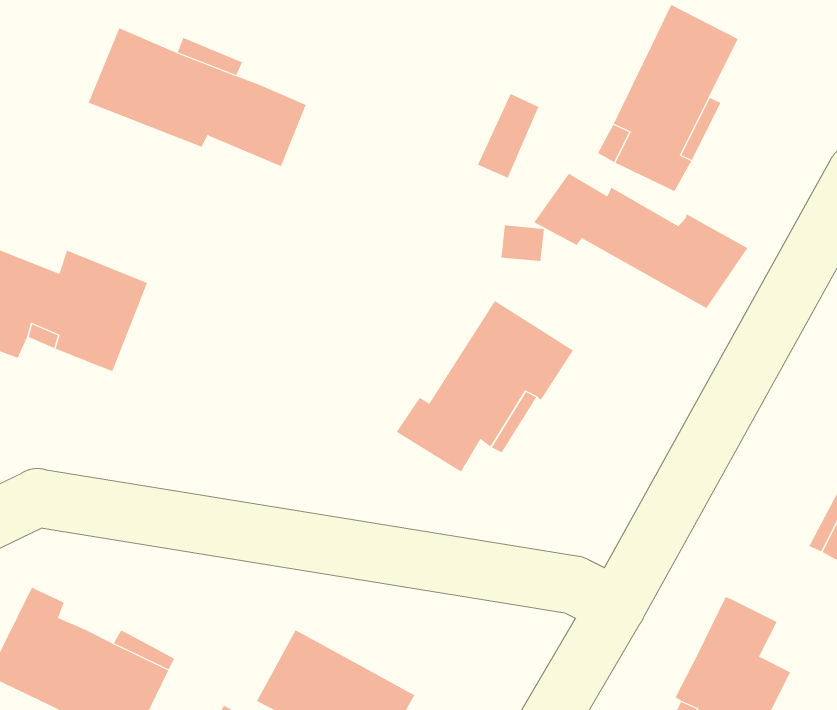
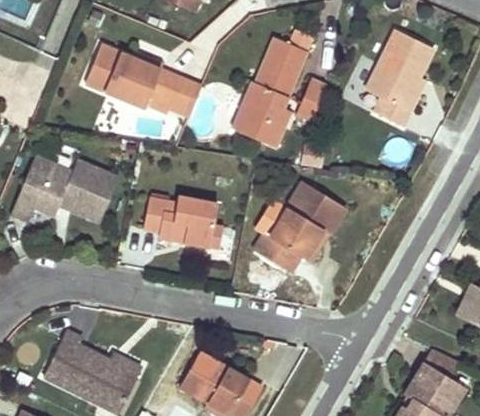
building: none -> [228,41,305,149]
building: [534,173,748,309] -> none
building: none -> [148,193,225,245]

